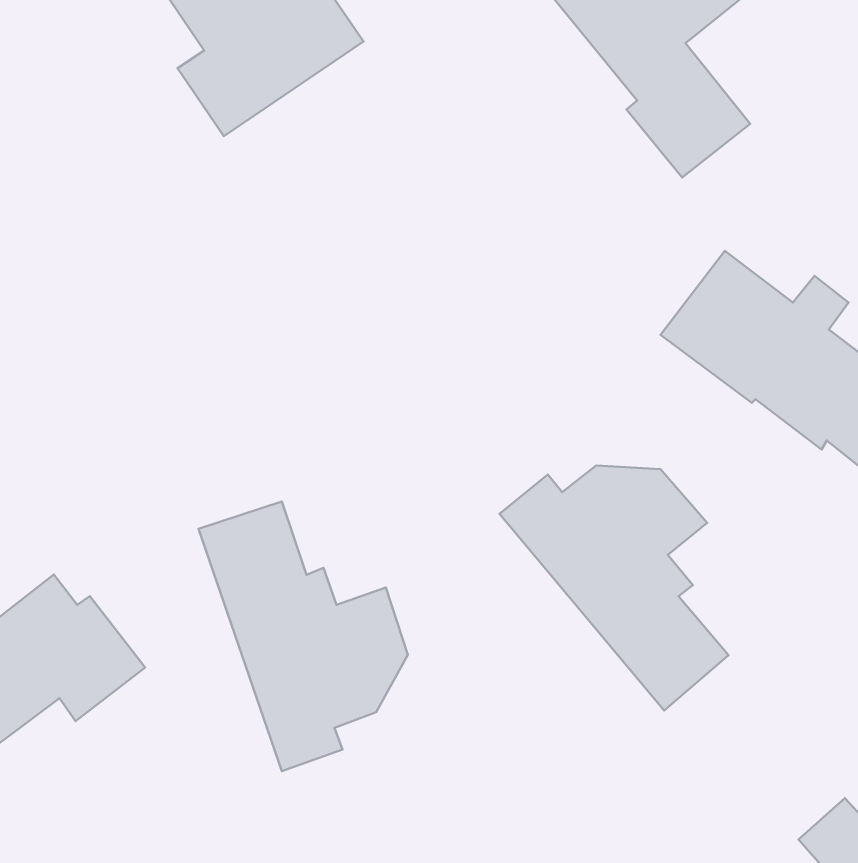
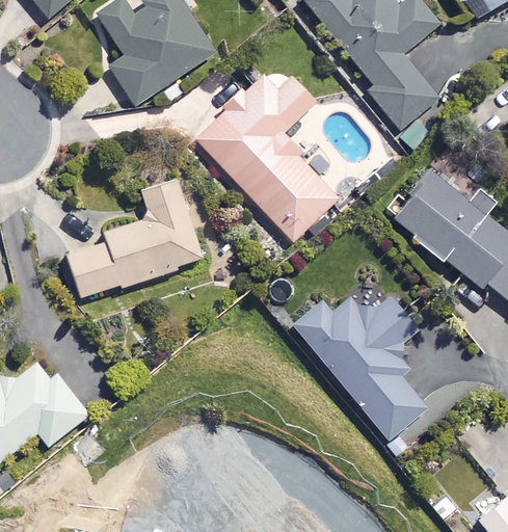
building: none -> [195,72,338,241]
building: none -> [65,178,205,301]
building: [199,502,408,771] -> none

